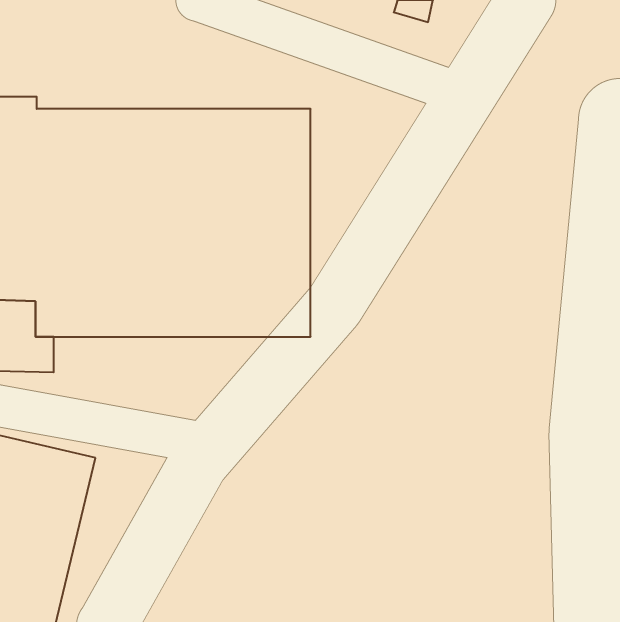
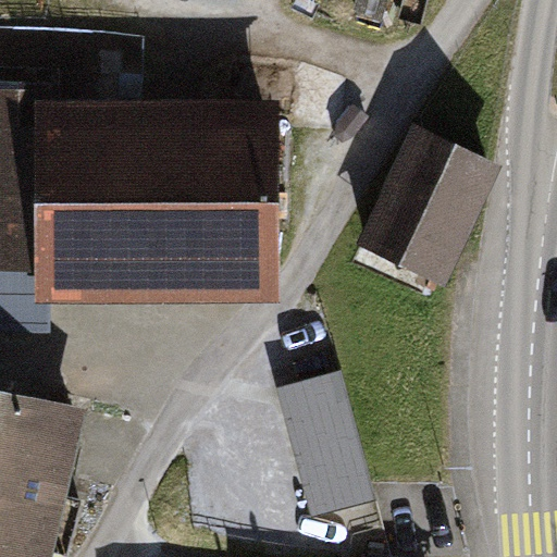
building: none -> [355,124,502,288]
building: none -> [273,373,373,520]

